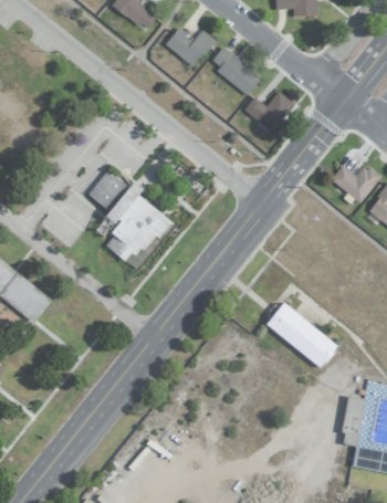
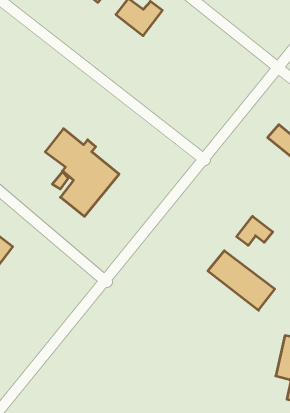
building: [209,49,262,93] -> none
building: [244,91,294,132] -> none
building: none -> [237,216,273,245]

